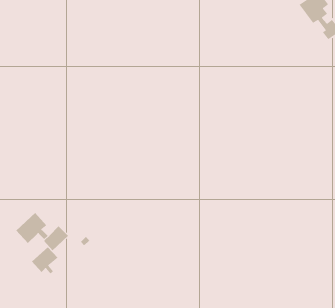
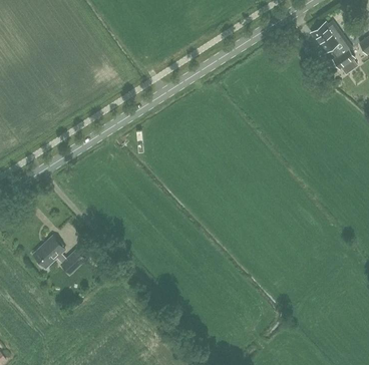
building: [31,246,58,274] -> none

